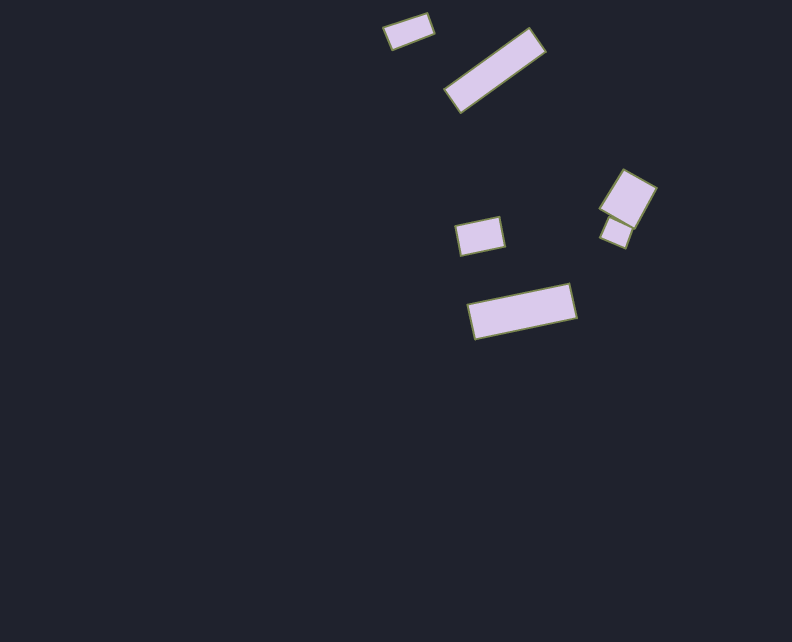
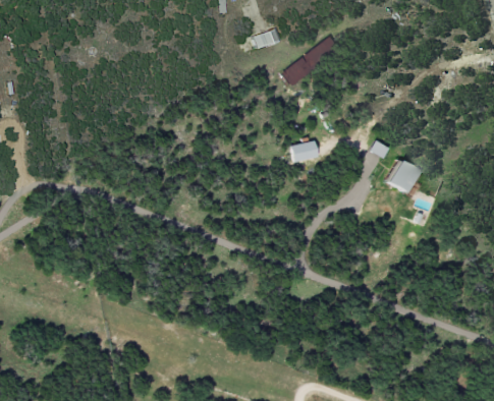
building: [599,169,657,229] -> [387,161,419,193]
building: [467,283,577,340] -> none

